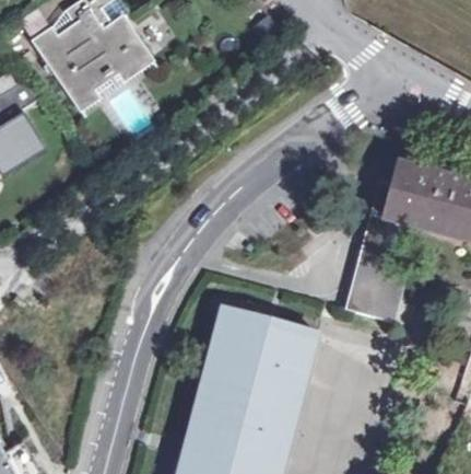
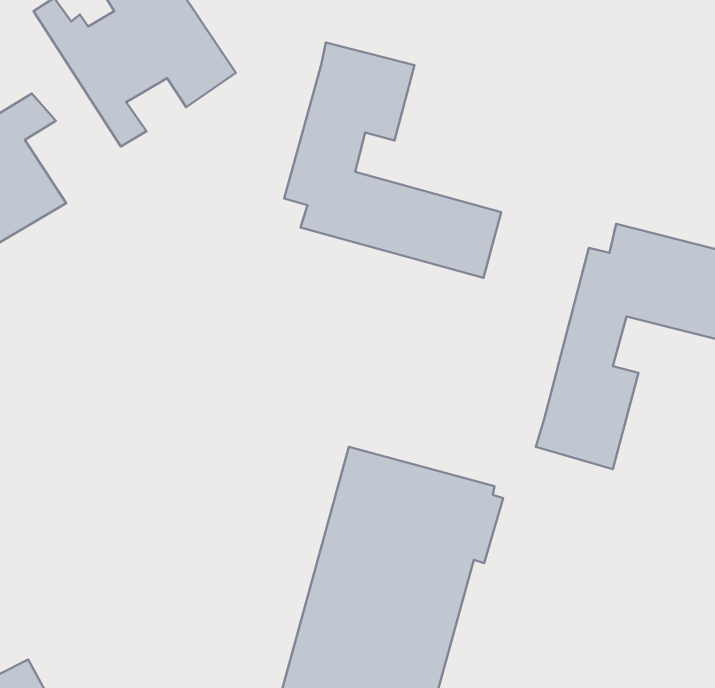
building: none -> [284,43,501,278]

